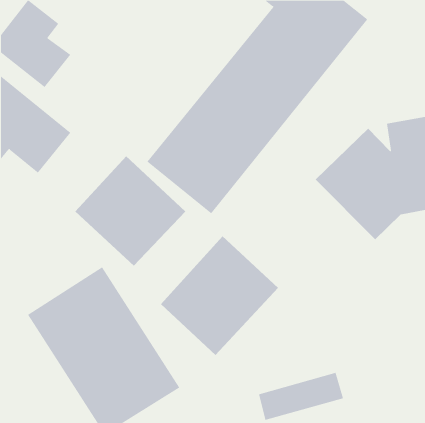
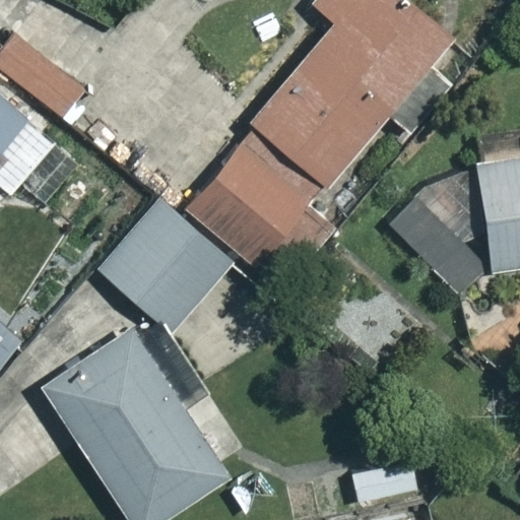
building: [160,236,279,356] -> none

